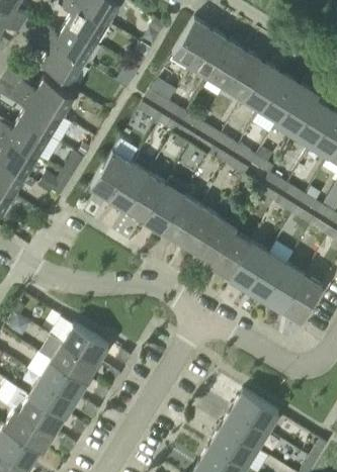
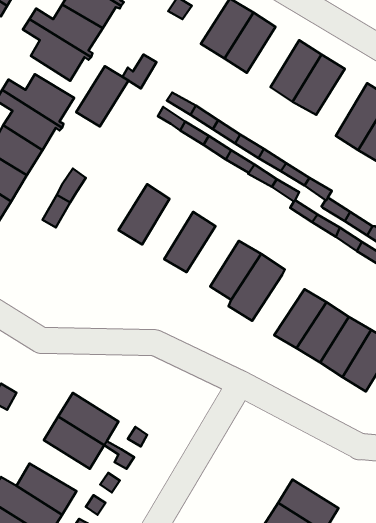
building: [207,41,248,88] -> none
building: [261,74,301,125] -> none
building: [90,152,131,198] -> [76,66,128,127]
building: [127,174,166,220] -> none
building: [161,195,201,242] -> none
building: [212,232,252,279] -> none
building: [39,360,86,399] -> none

